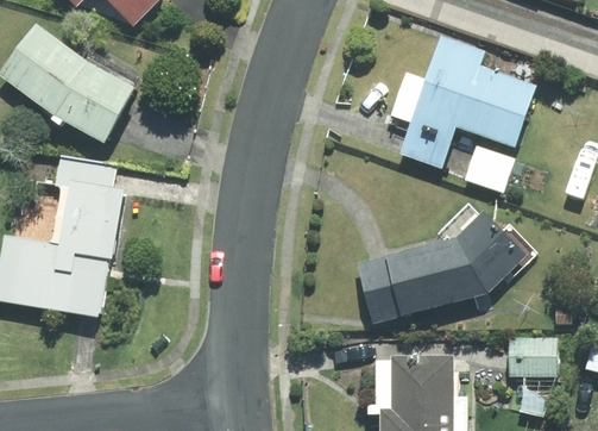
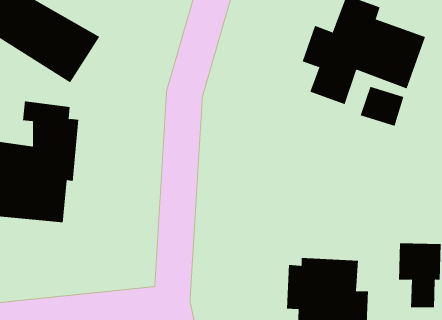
building: [352,204,533,326] -> none

